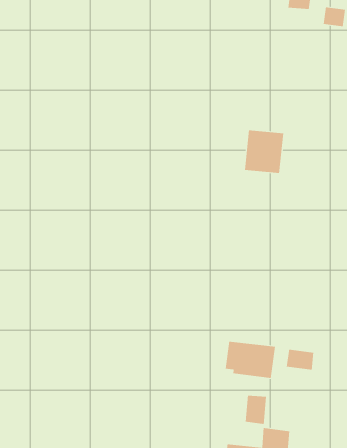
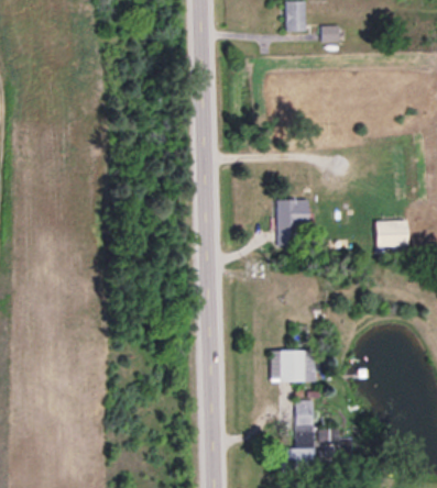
building: [244,130,284,174] -> [274,198,309,237]
building: [286,349,314,371] -> none

